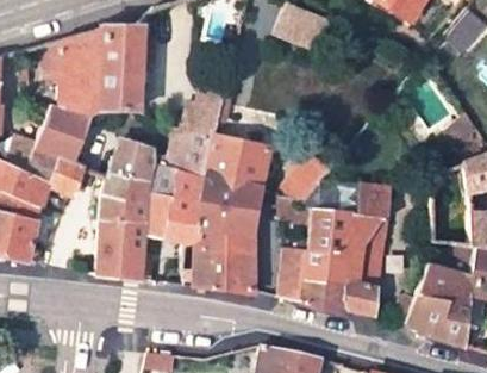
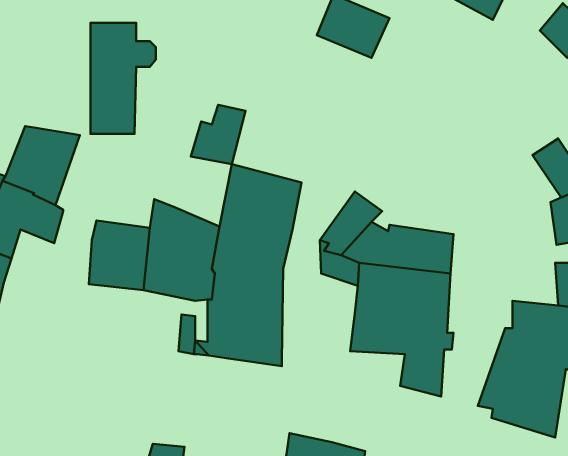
building: [52,29,102,111] -> none
building: [168,128,213,184] -> none
building: [107,133,154,185] -> none
building: [99,229,144,280] -> none
building: [281,249,349,315] -> none

